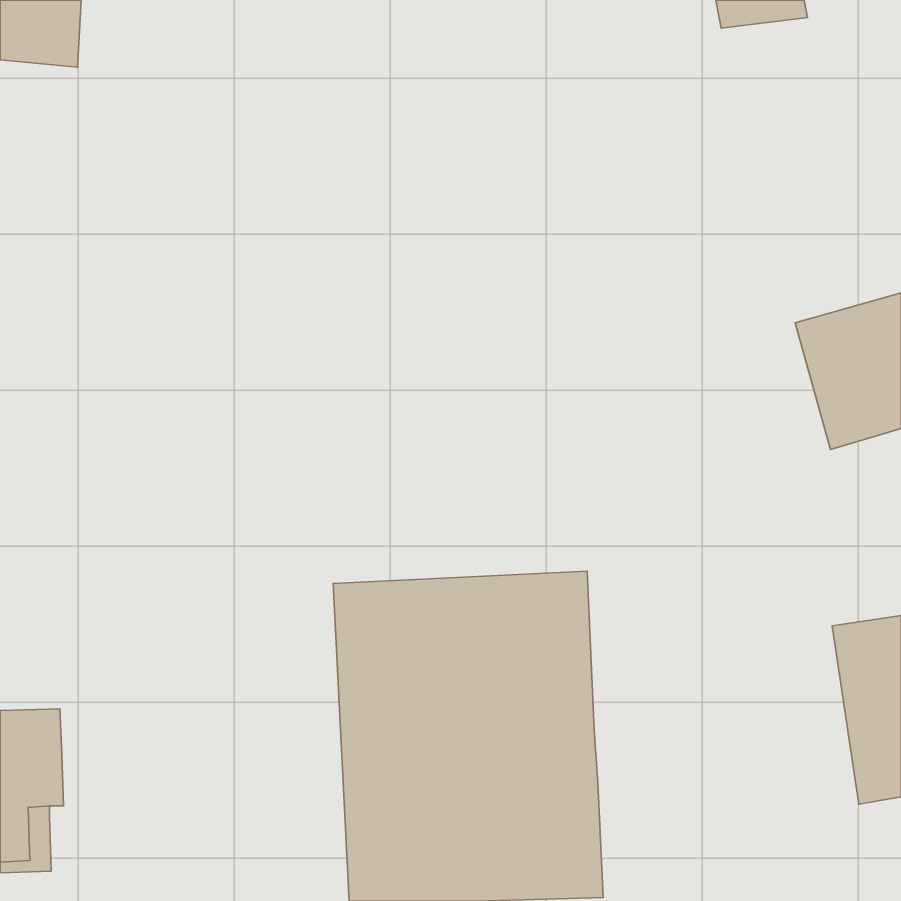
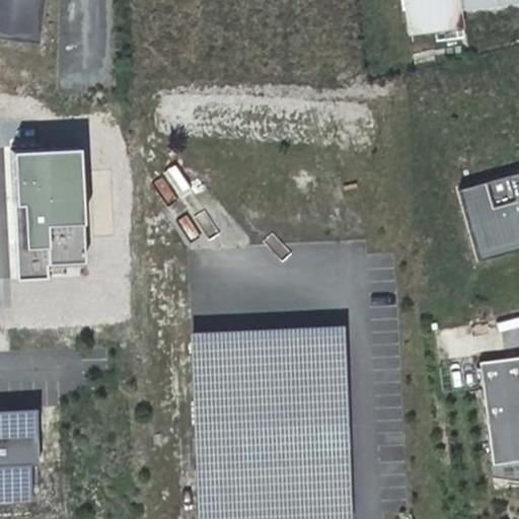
building: none -> [18,149,86,280]

